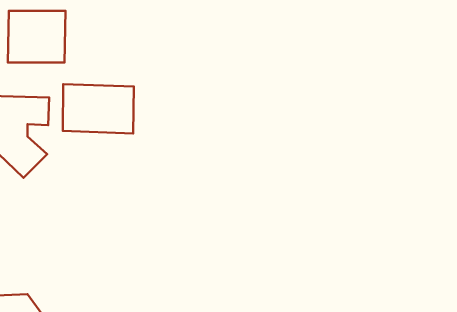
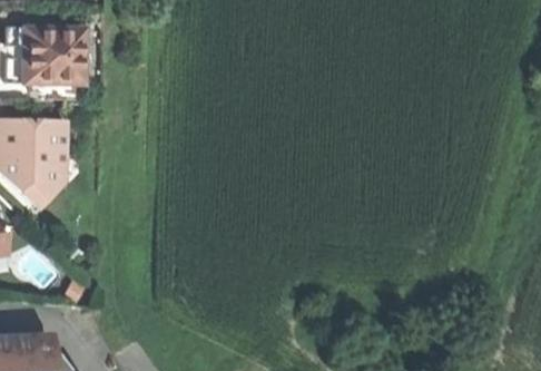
building: [63,84,134,134] -> none

